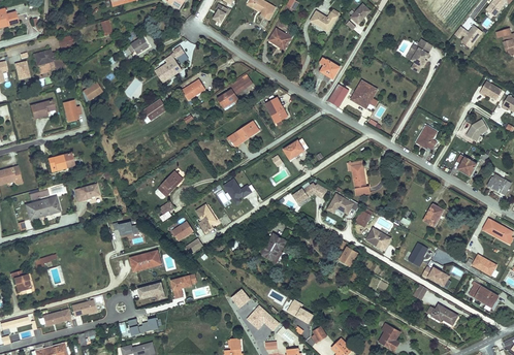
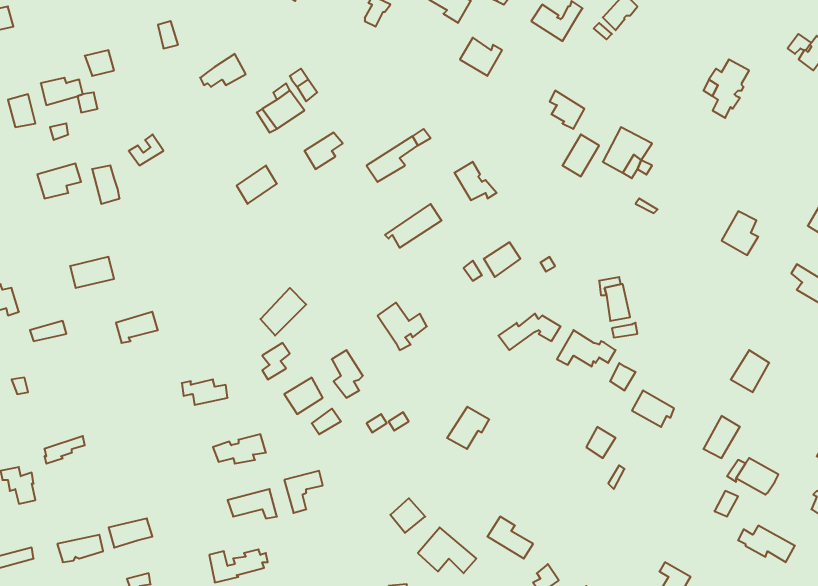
building: [24,195,61,221] -> none

